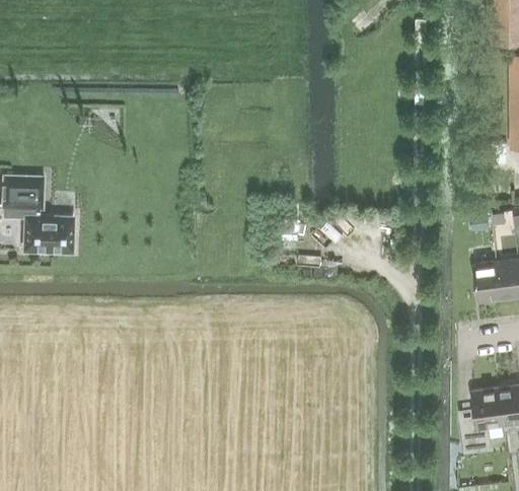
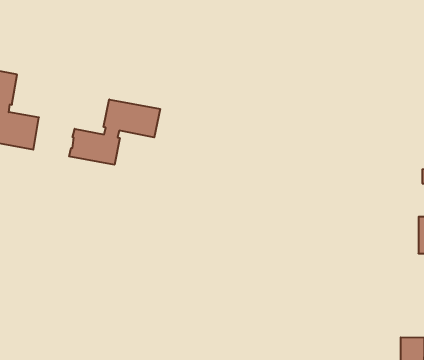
building: none -> [69,99,160,165]

